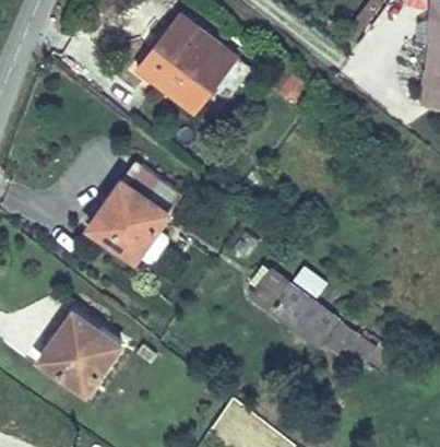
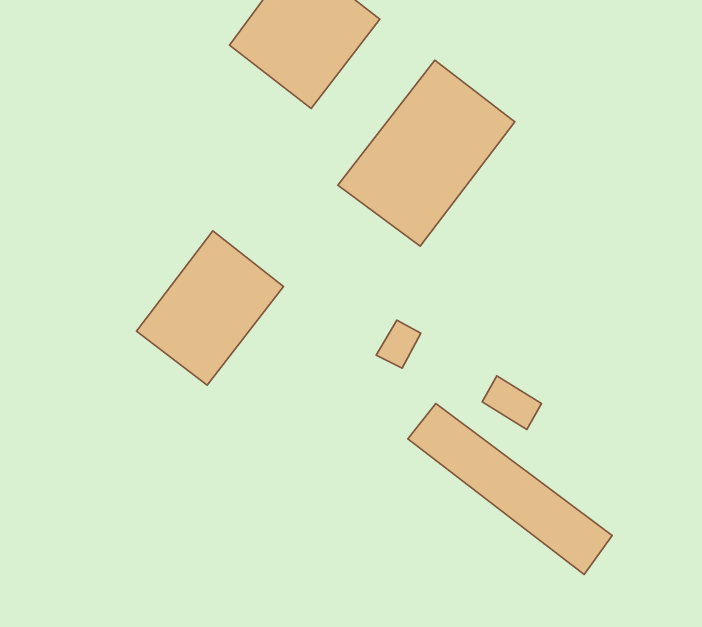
building: none -> [338,60,515,246]
building: [44,317,119,395] -> none

